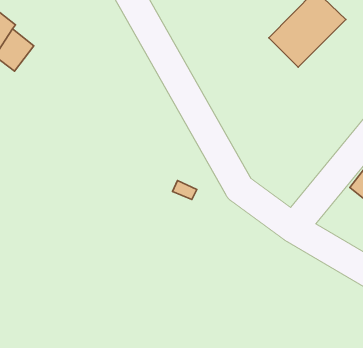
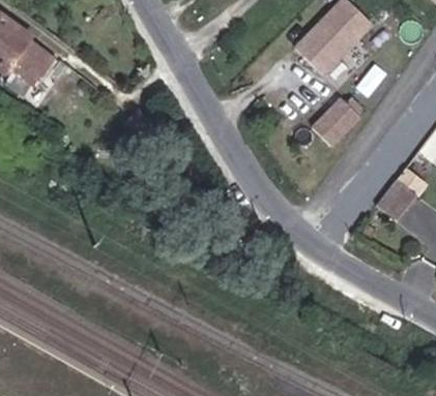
building: none -> [307,95,353,144]

